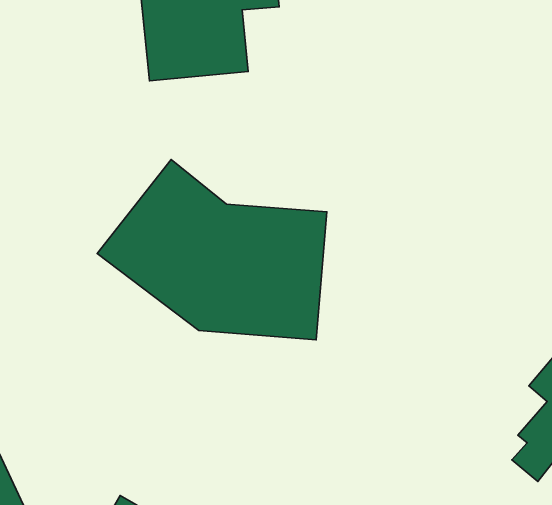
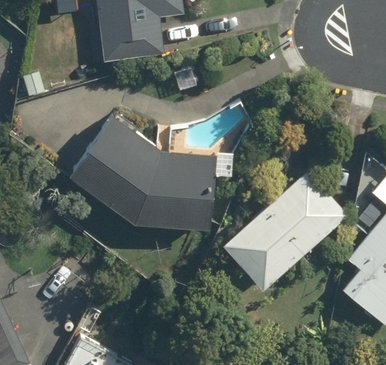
building: none -> [220,169,348,292]

